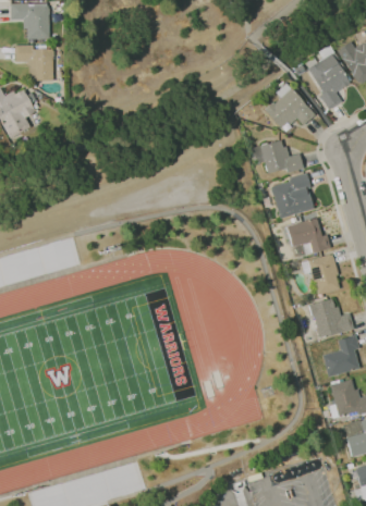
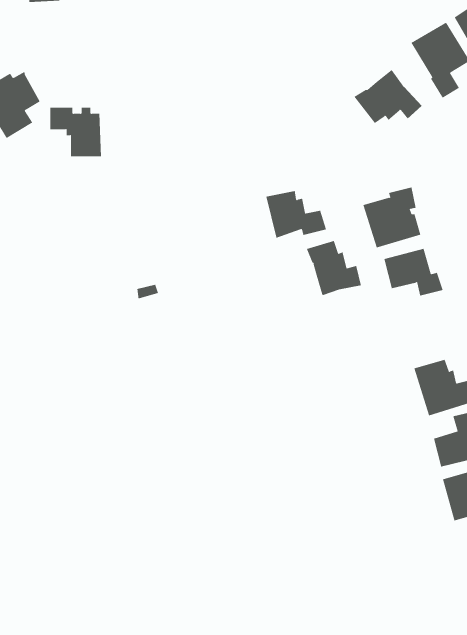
building: [15,45,53,81] -> [49,107,102,157]
building: [258,140,303,175] -> [265,191,327,239]
building: none -> [306,240,362,296]
building: [307,254,338,295] -> none

